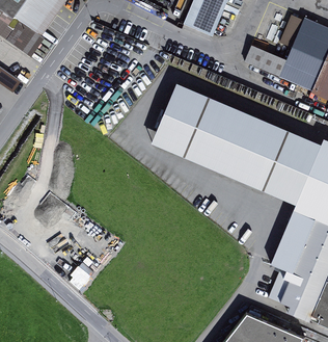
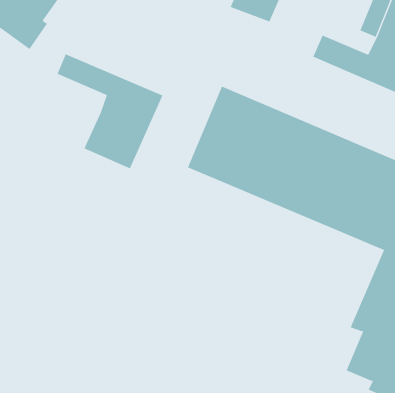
building: none -> [57,53,163,169]

